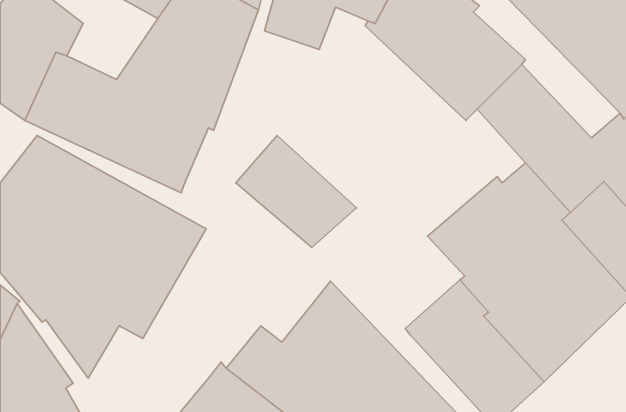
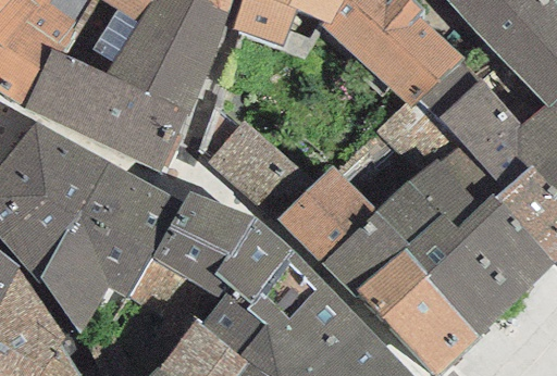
building: none -> [274,165,408,297]
building: none -> [126,190,290,333]

